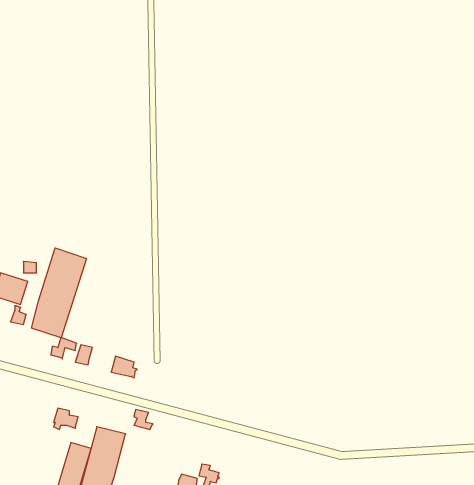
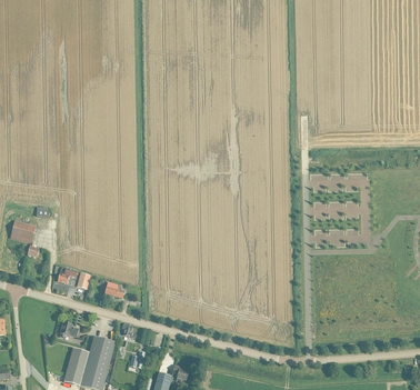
building: [31,248,86,338] -> none

